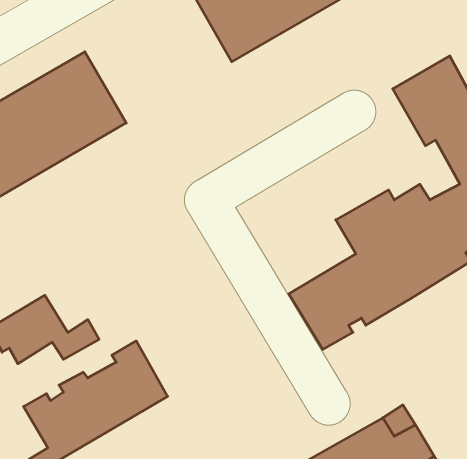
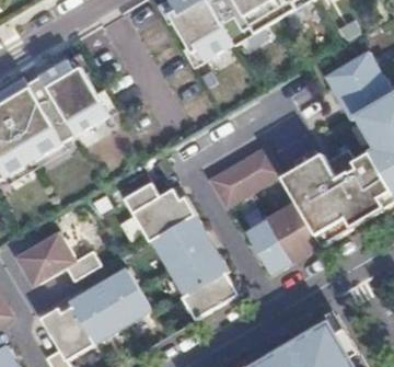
building: none -> [207,147,278,207]
building: none -> [121,184,236,321]

